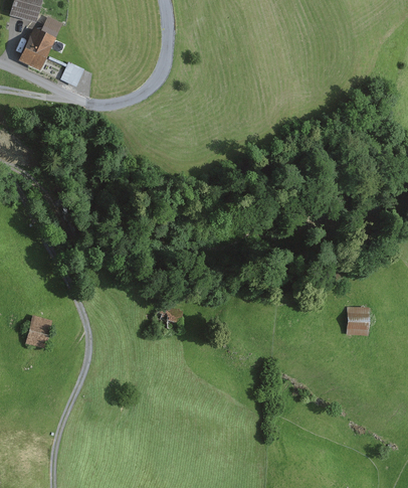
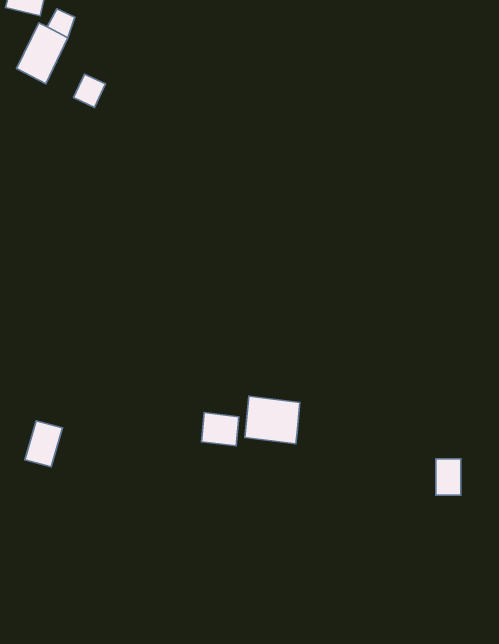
building: none -> [245,396,300,444]
building: [344,308,362,334] -> [436,459,461,495]

